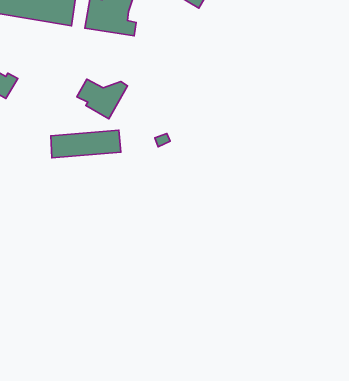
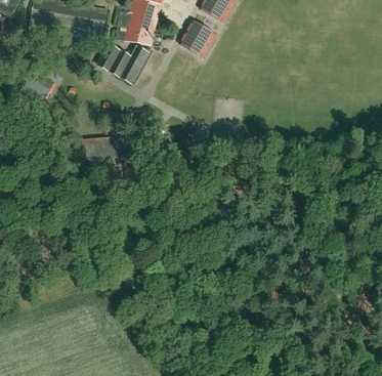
building: none -> [179,19,215,55]
building: [77,79,127,119] -> [98,45,145,82]

